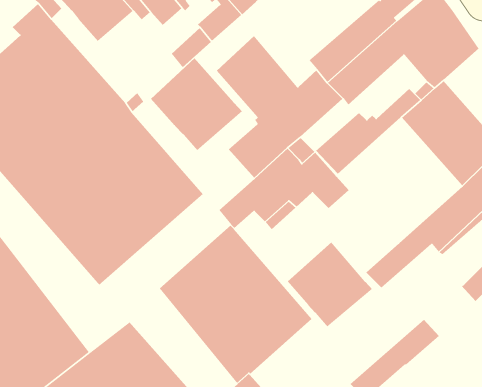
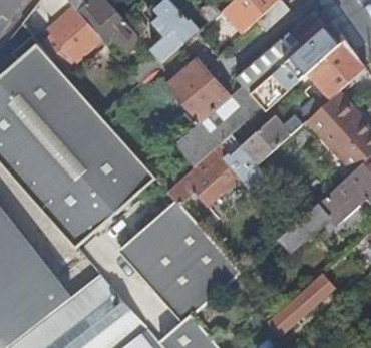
building: [150,58,243,151] -> none
building: [287,242,373,327] -> none

